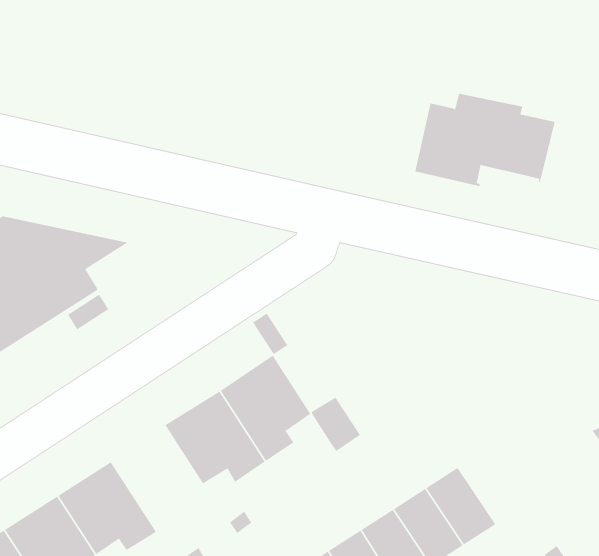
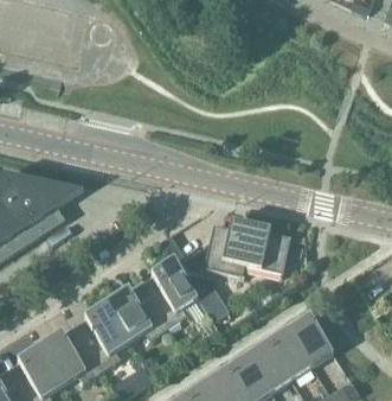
building: [415,93,556,187] -> [204,216,291,274]
building: none -> [73,301,130,368]
building: none -> [289,313,334,363]

